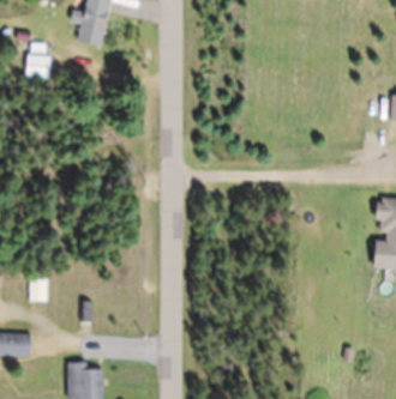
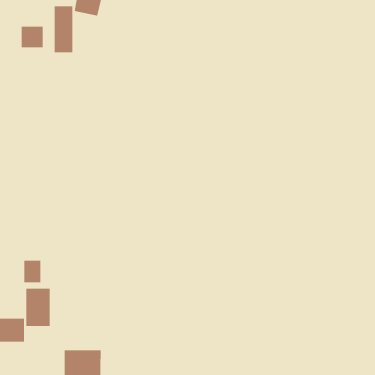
building: none -> [54,6,73,53]
building: none -> [26,288,50,327]

